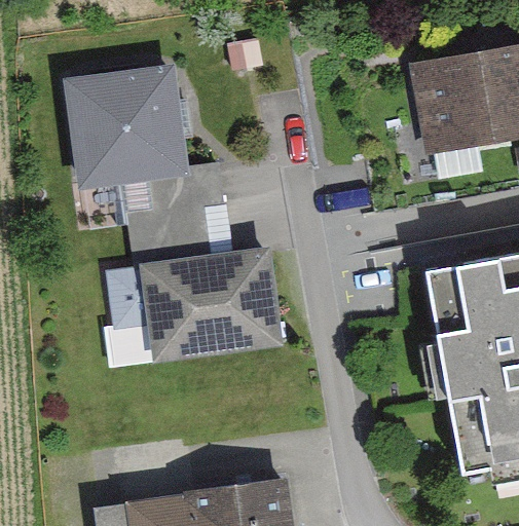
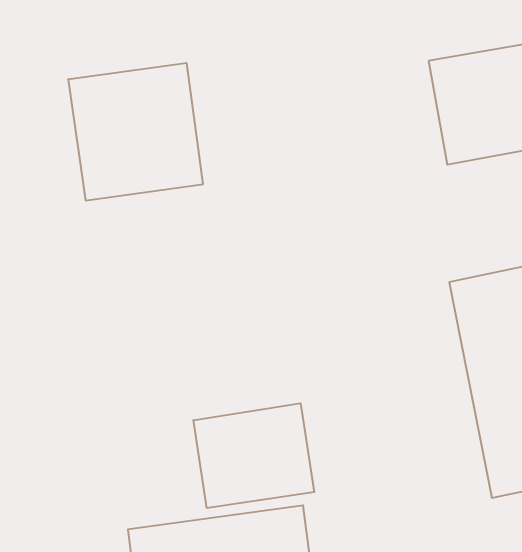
building: [133,234,284,369] -> none
building: none -> [193,403,314,508]

